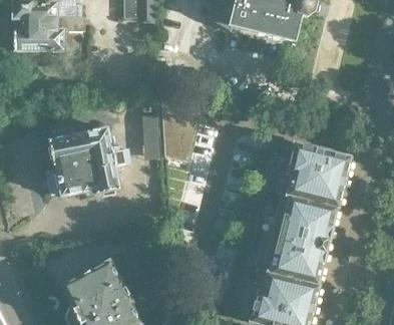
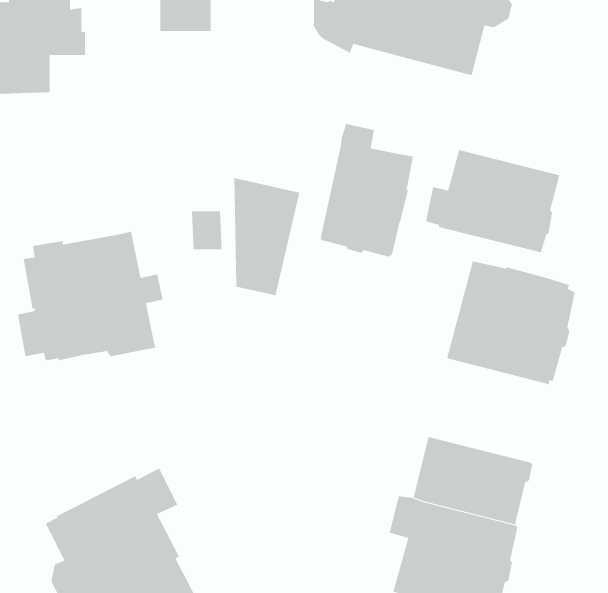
building: none -> [320,123,414,258]
building: [262,195,335,251] -> [425,149,560,253]

